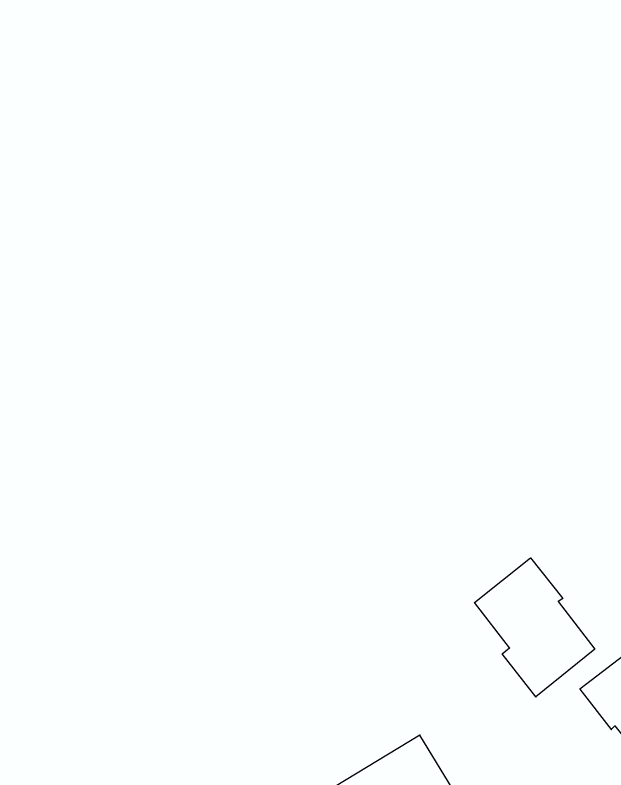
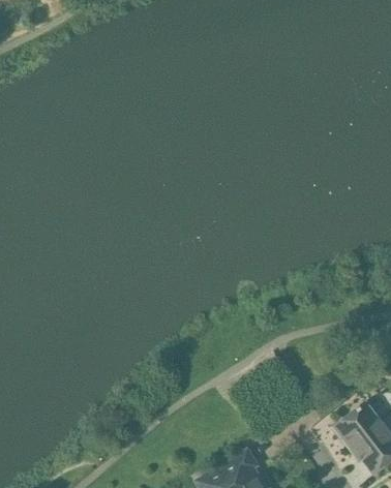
building: [475,558,595,697] -> none

